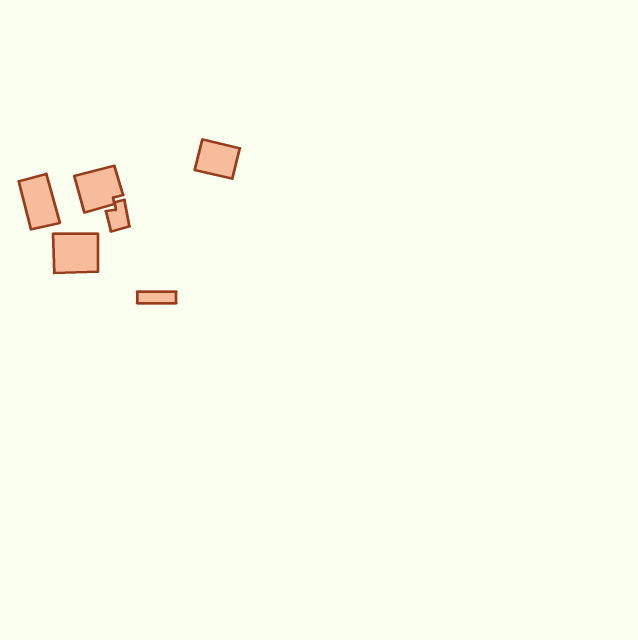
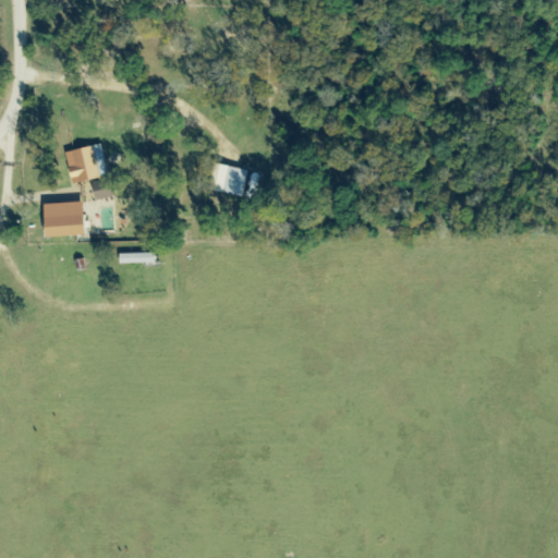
building: [195,140,240,179] -> [208,162,247,196]
building: [19,174,60,229] -> none

